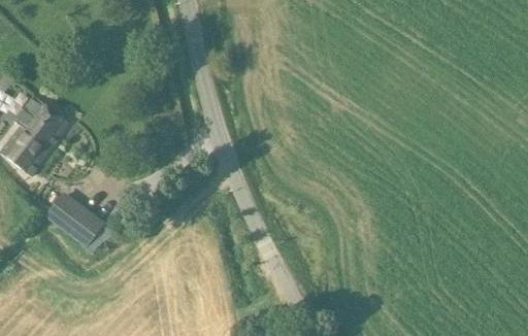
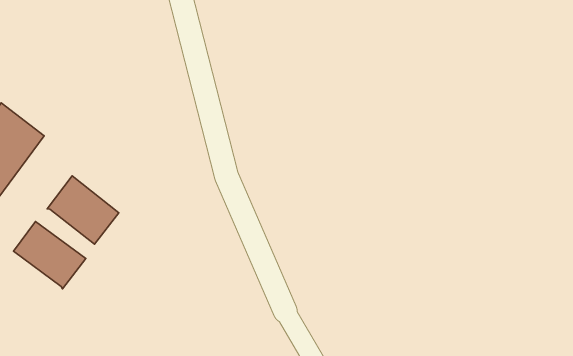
building: none -> [47,176,119,244]

